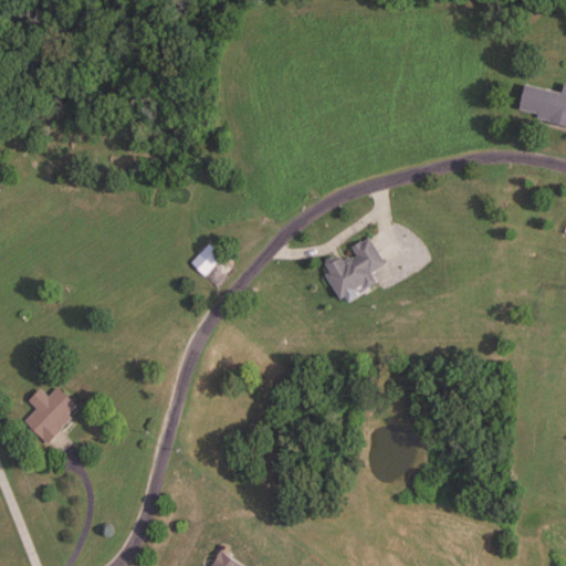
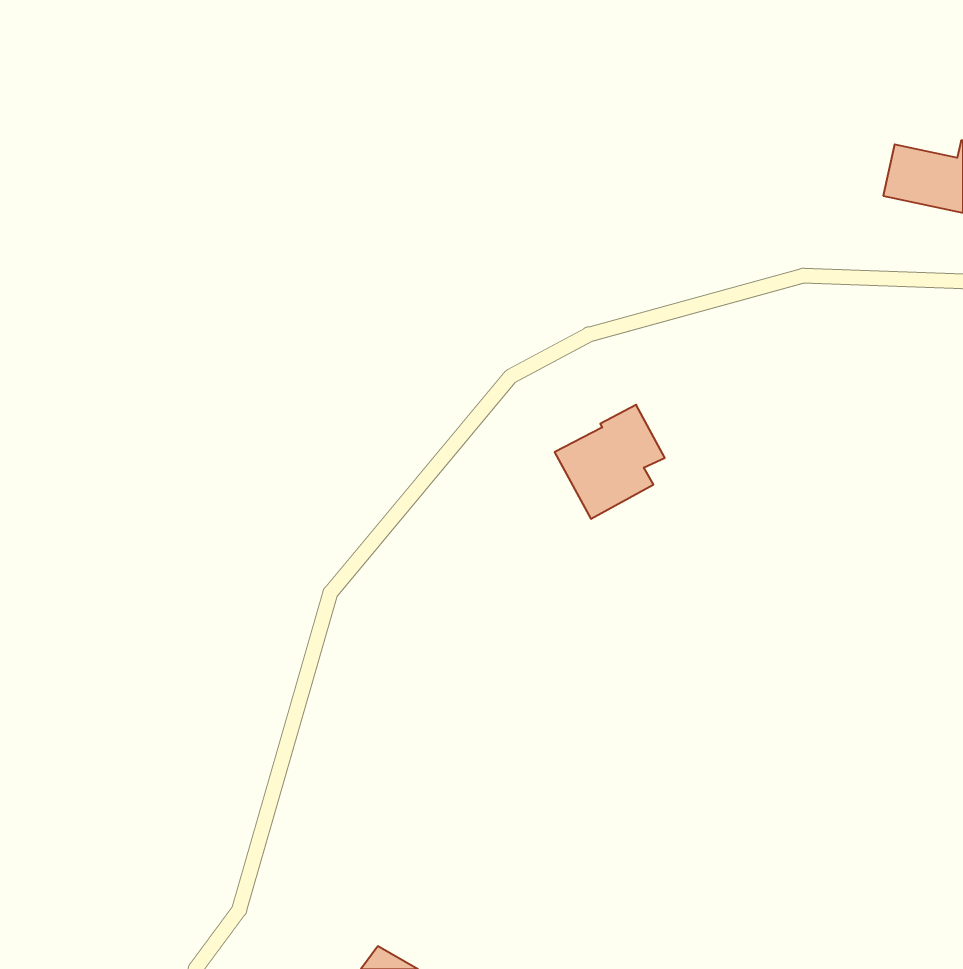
building: [189,243,222,276] -> none
building: [24,387,74,442] -> none

